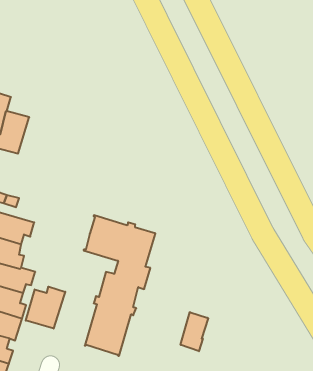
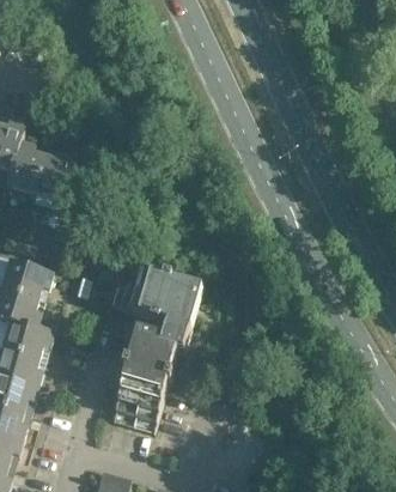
building: none -> [33,150,74,201]
building: [26,287,65,329] -> none
building: [181,312,208,351] -> none

